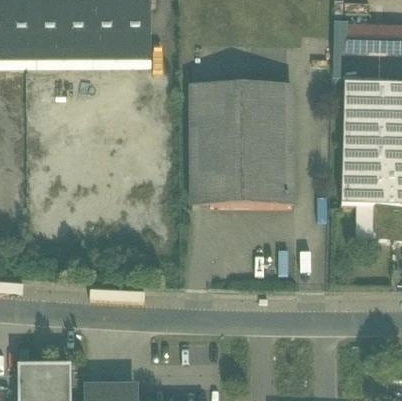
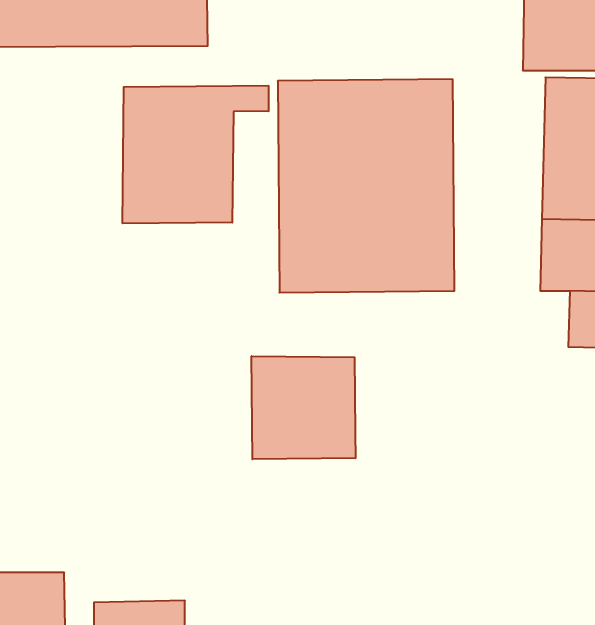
building: none -> [123,86,269,223]
building: none -> [252,356,355,459]

